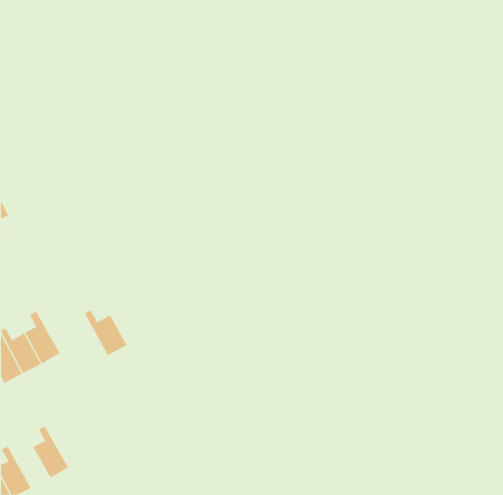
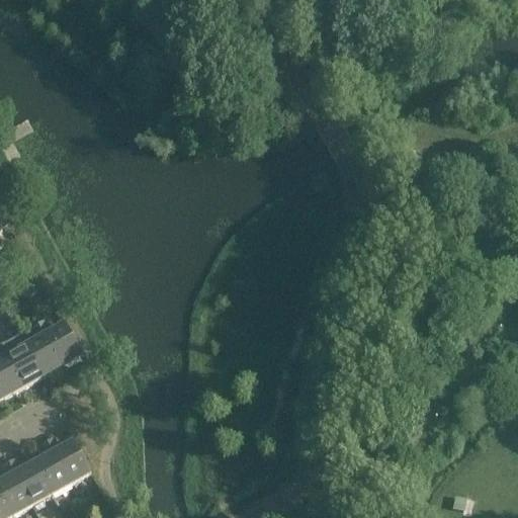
building: [84,310,127,356] -> [37,316,82,363]
building: none -> [47,434,91,481]
building: none -> [8,455,52,502]

